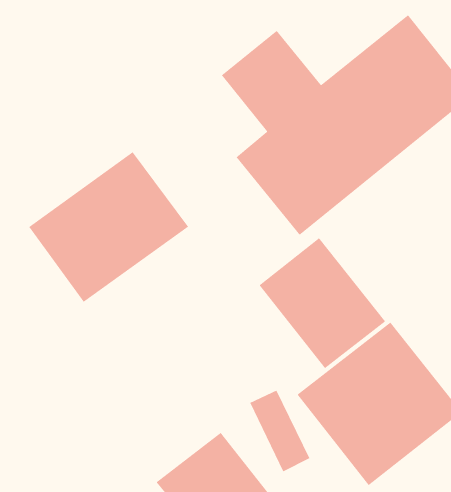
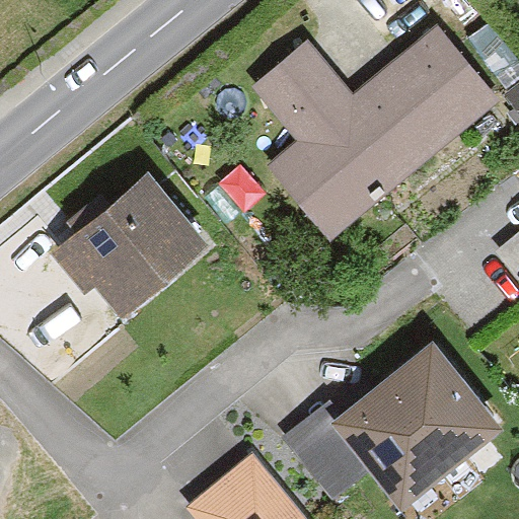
building: [259,237,386,369] -> none

